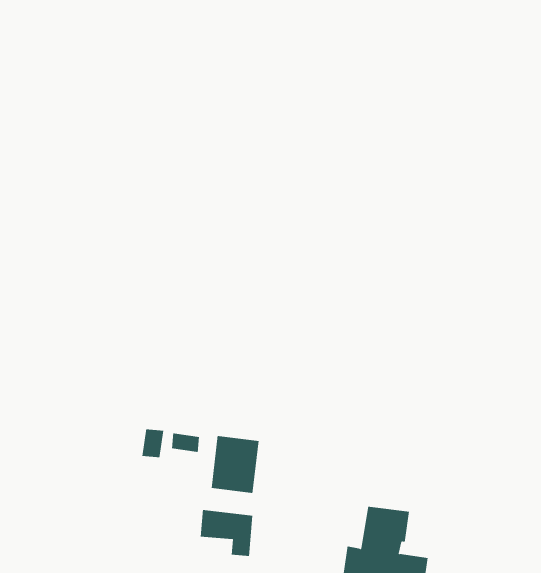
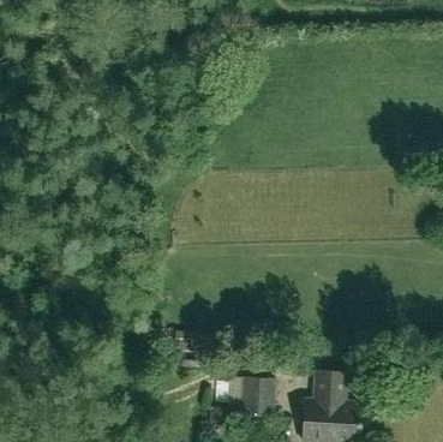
building: [211,435,259,494] -> [244,376,275,414]

